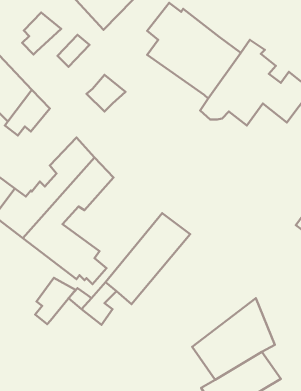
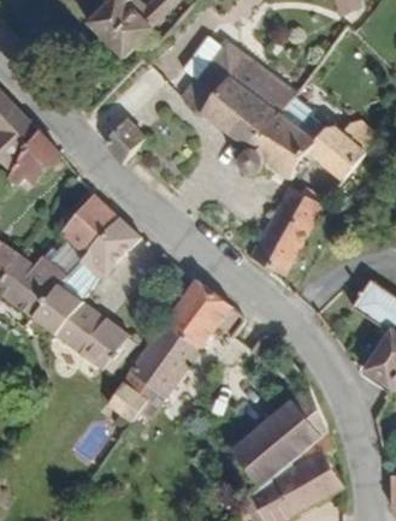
building: [22,13,61,54] -> none
building: none -> [253,183,327,276]
building: [35,278,75,324] -> none

